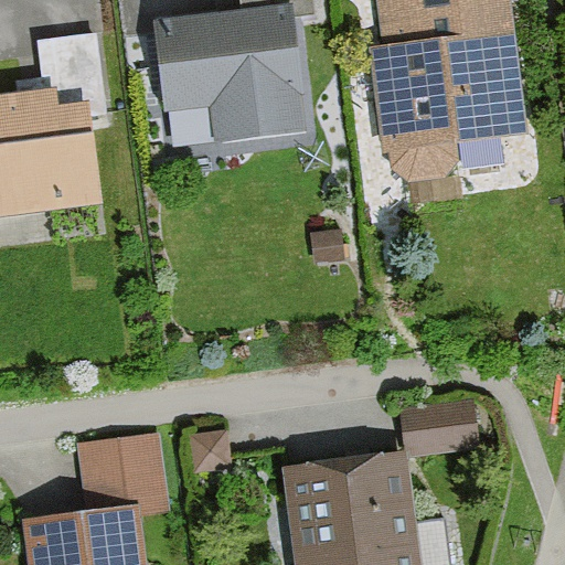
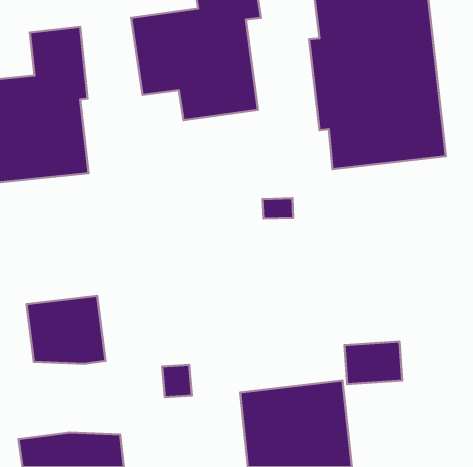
building: [74,435,168,515] -> [26,296,106,364]

